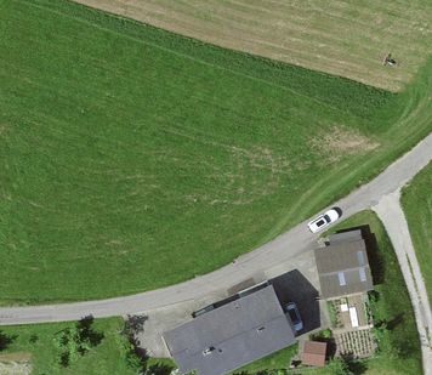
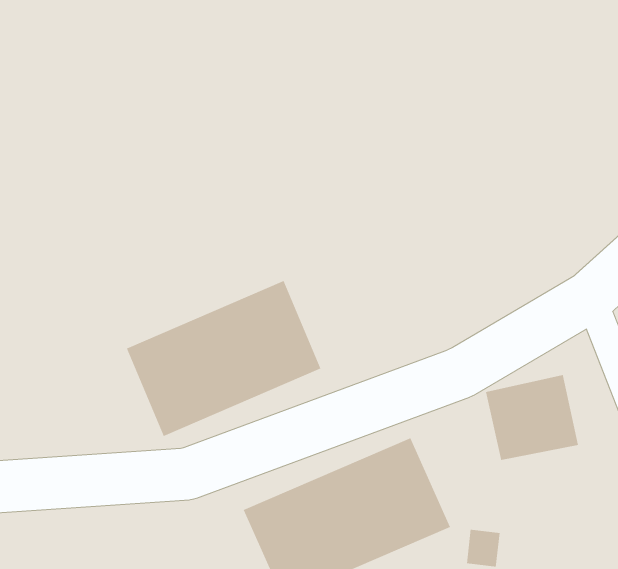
building: none -> [126,280,321,437]

